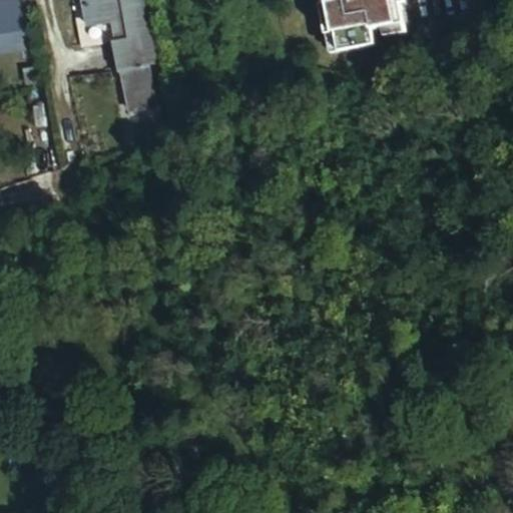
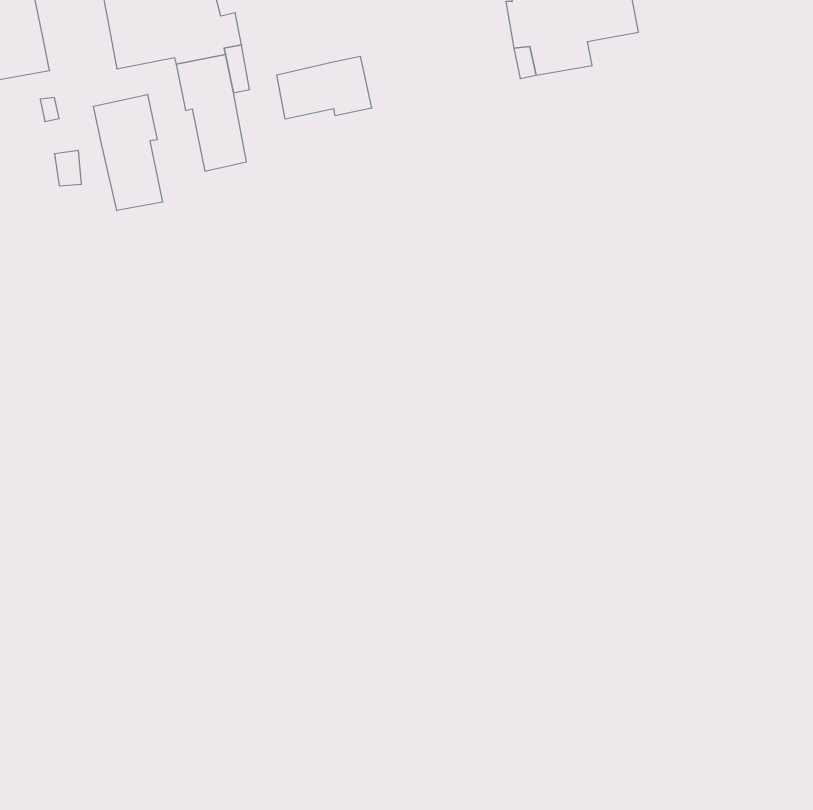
building: none -> [277,56,372,119]
building: none -> [94,94,163,211]

